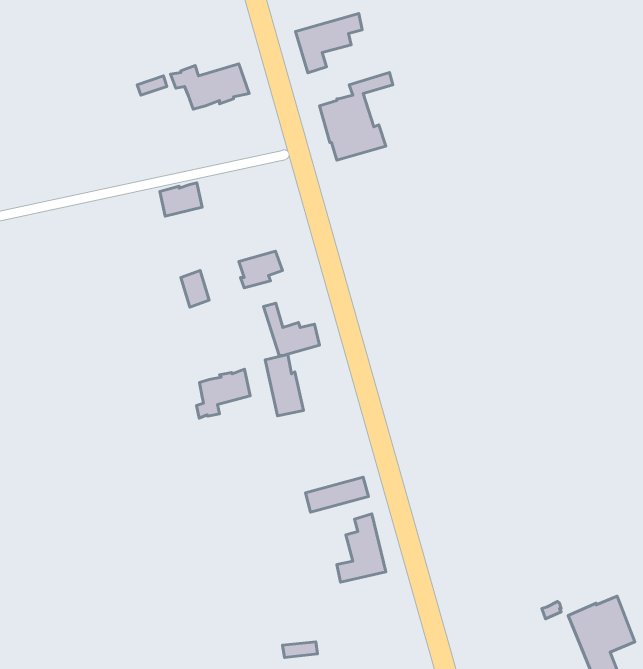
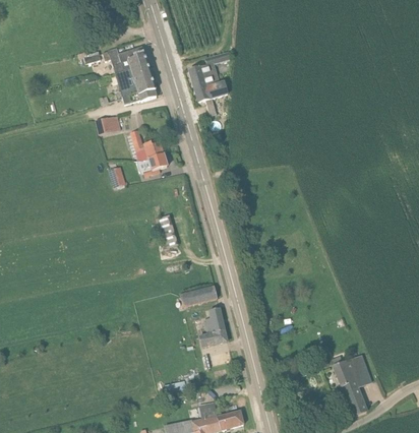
building: [295,13,362,73] -> none
building: none -> [115,63,156,104]
building: [264,303,320,356] -> [130,130,163,161]
building: [197,369,250,418] -> none

